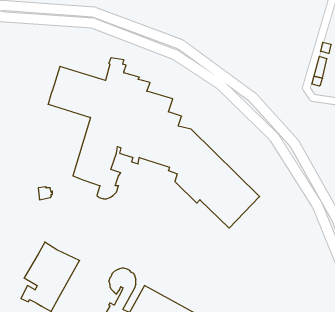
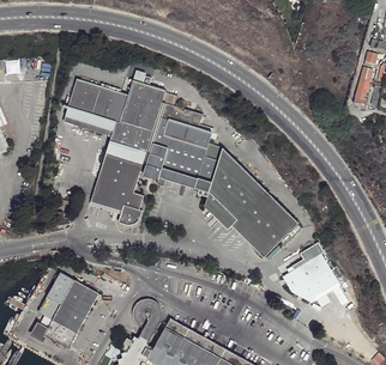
building: none -> [283,253,339,300]

